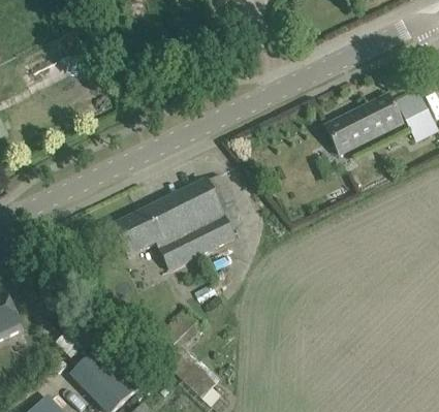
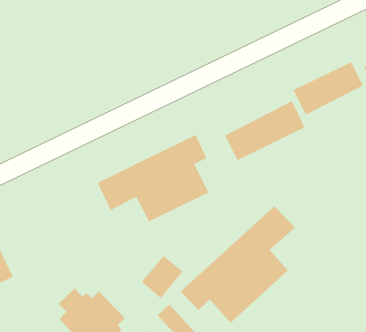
building: none -> [224,100,305,161]
building: none -> [180,205,296,324]

